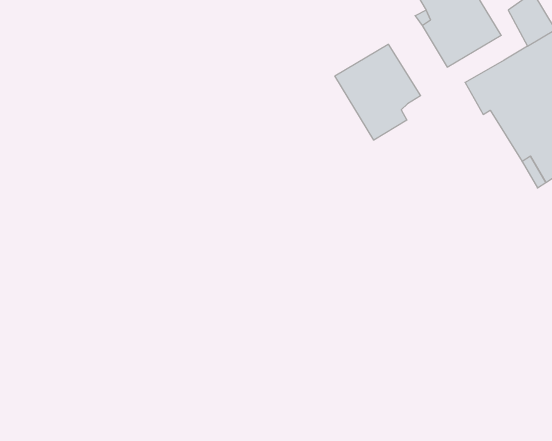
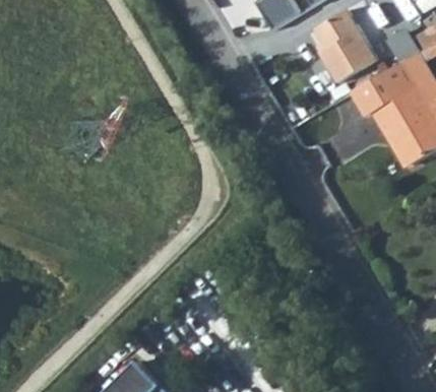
building: [335,44,421,140] -> none

